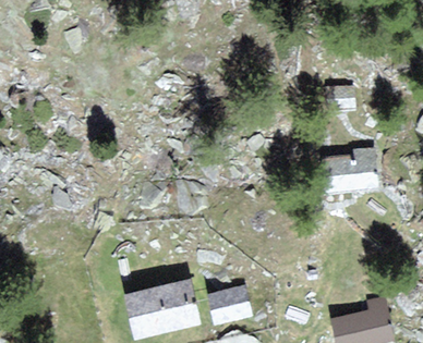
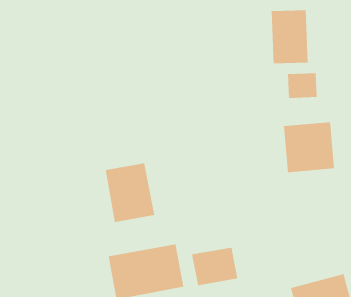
building: none -> [271,10,308,64]
building: none -> [105,162,155,223]

